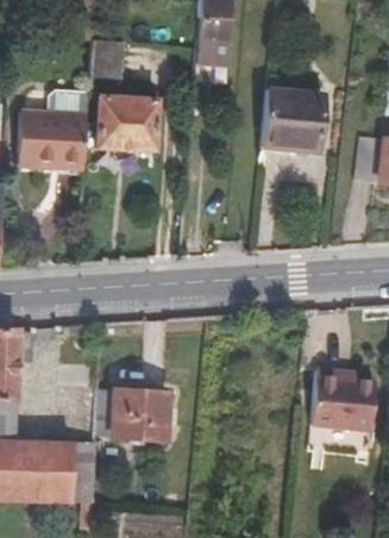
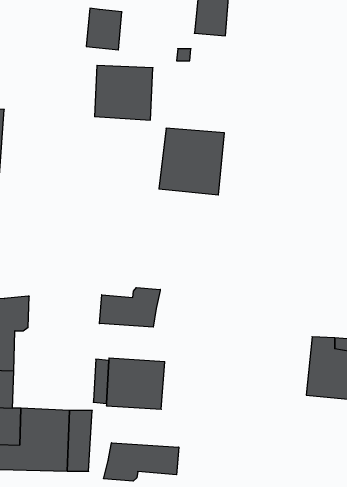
building: [258,87,324,154] -> [159,128,224,195]
building: [17,89,88,170] -> none
building: none -> [99,288,160,327]
building: none -> [104,443,179,481]

